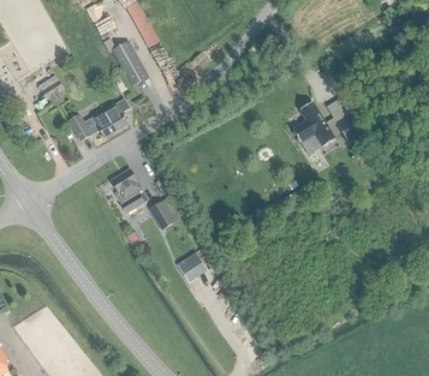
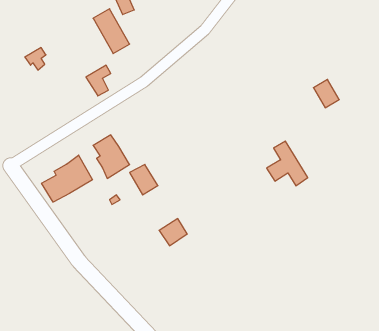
building: [293,101,335,147] -> [267,141,308,186]
building: [68,111,117,141] -> none
building: none -> [42,155,92,202]

